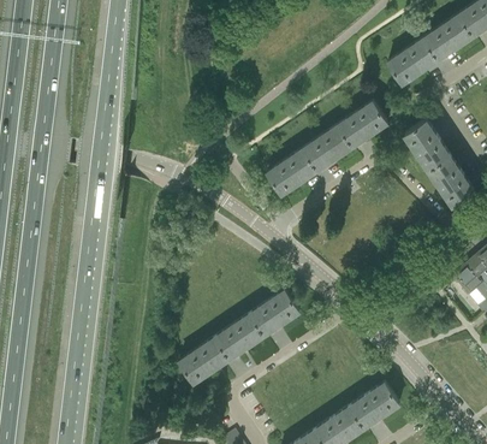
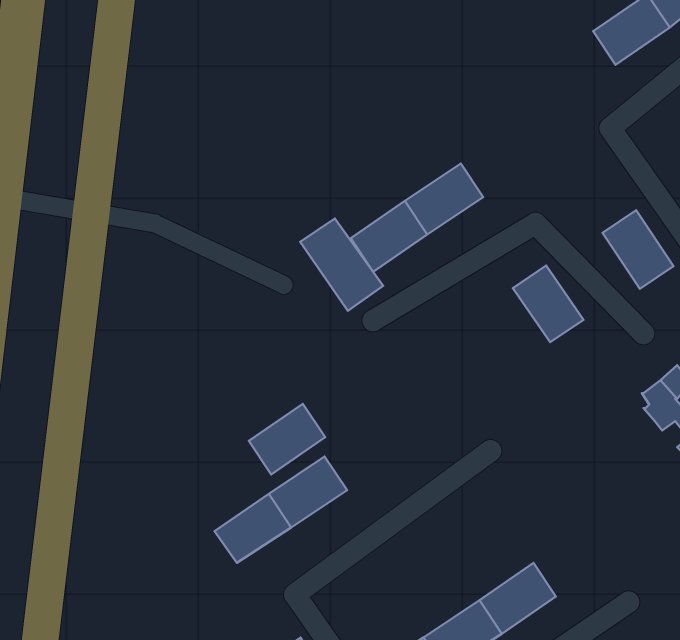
building: [386,41,435,85] -> none
building: [335,103,385,148] -> none
building: [403,122,449,171] -> [513,266,584,342]
building: none -> [300,219,383,311]
building: [248,291,297,337] -> [249,404,325,475]

